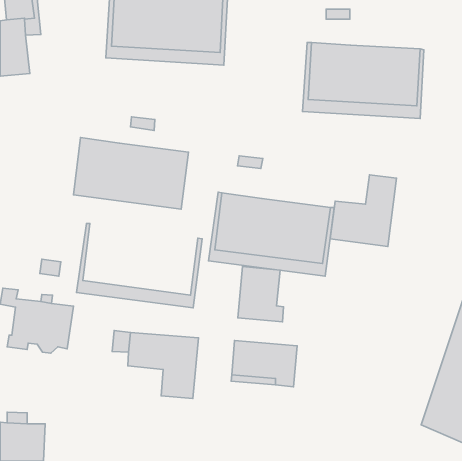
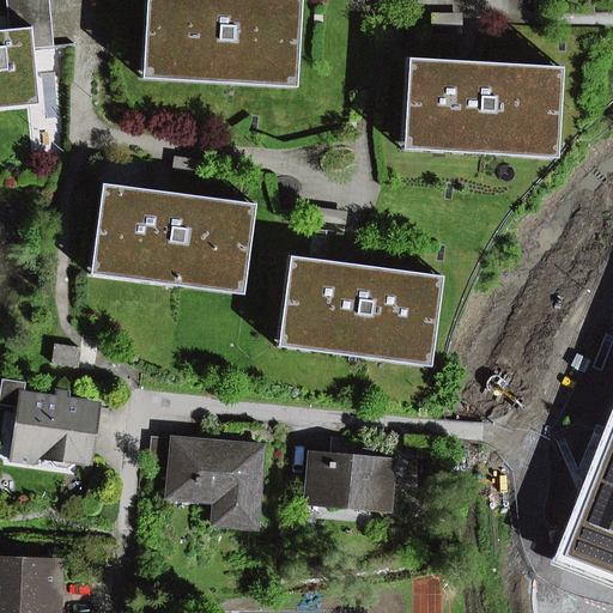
building: [330,175,396,247] -> none
building: [76,224,202,308] -> [90,182,256,293]
building: [238,267,283,322] -> none

